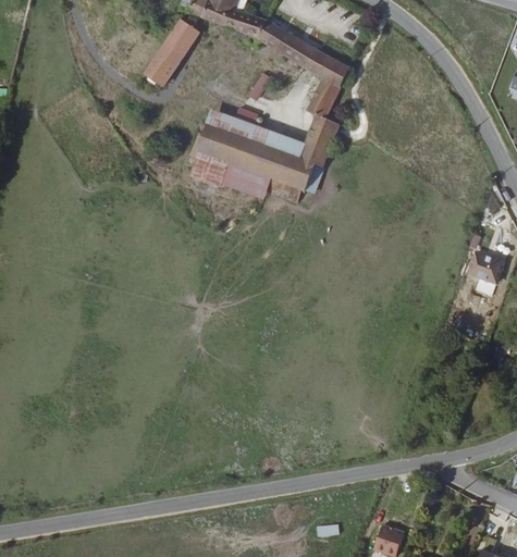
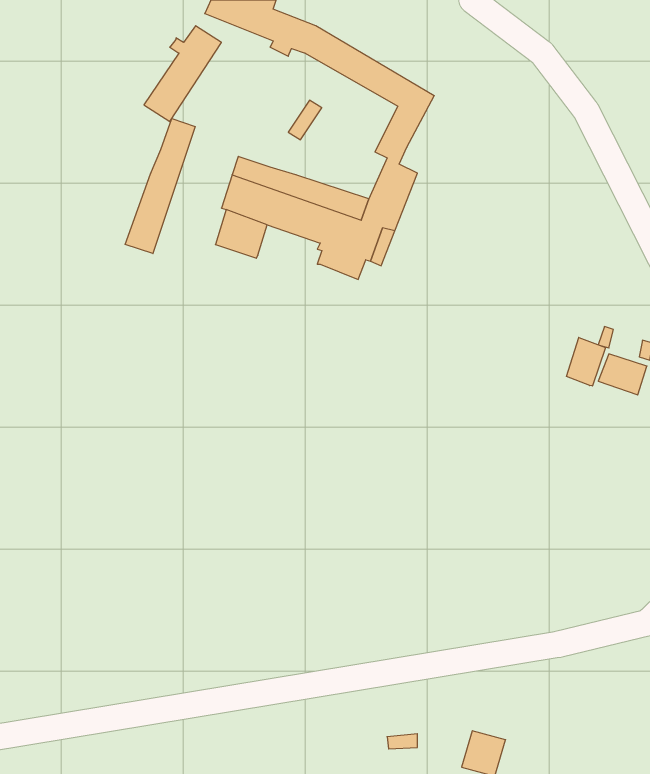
building: none -> [125,118,195,254]
building: [224,161,270,197] -> none
building: none -> [566,337,606,386]

